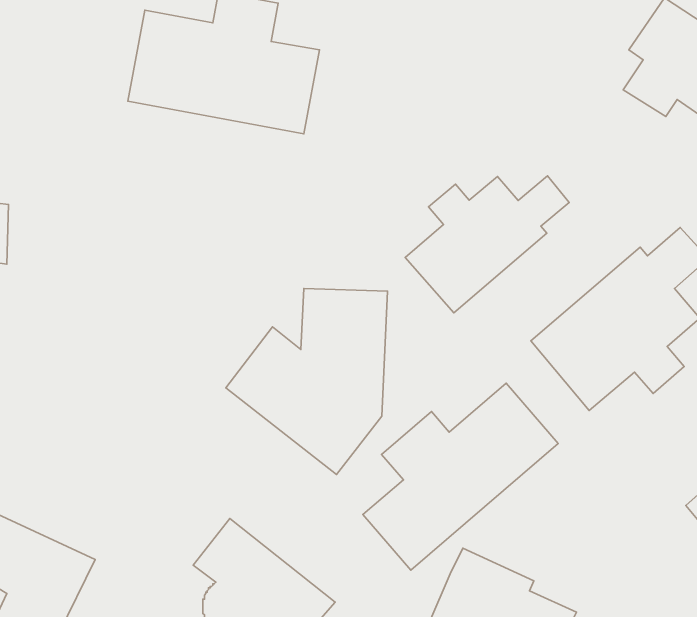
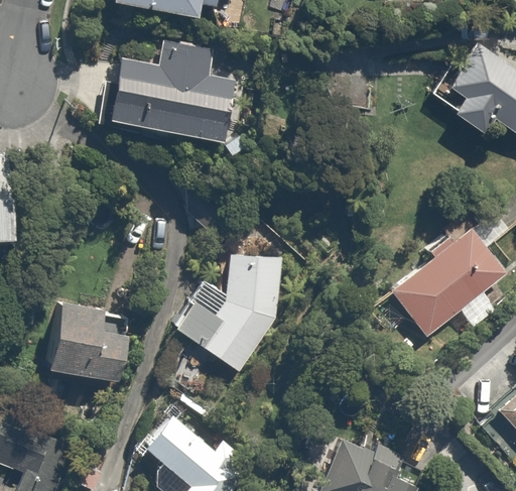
building: [405,176,569,313] -> none
building: none -> [43,297,128,383]
building: [363,383,558,570] -> none

